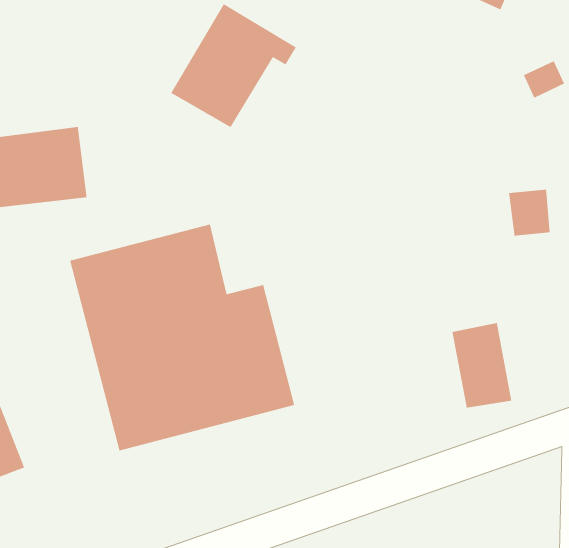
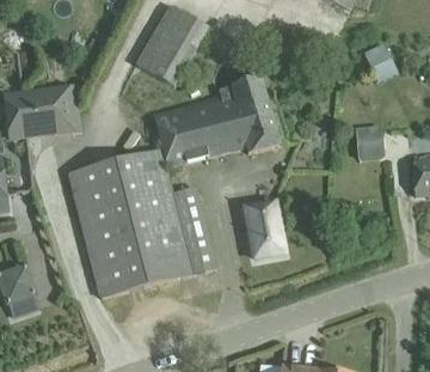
building: none -> [154,79,280,166]
building: [452,322,512,409] -> [244,201,283,257]

